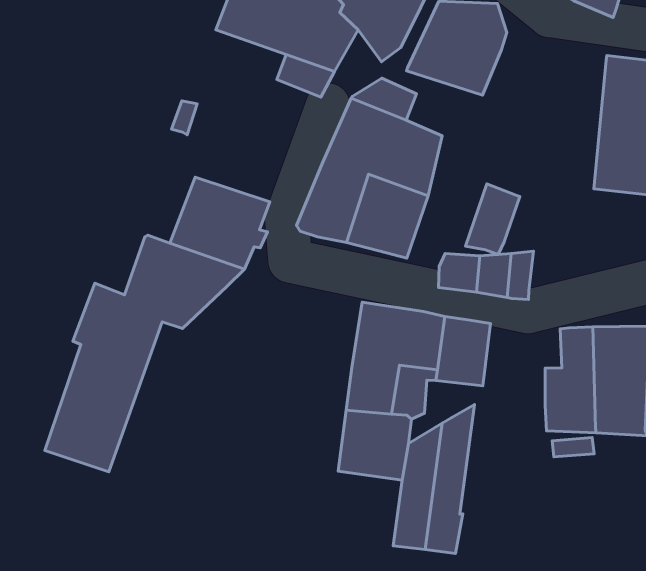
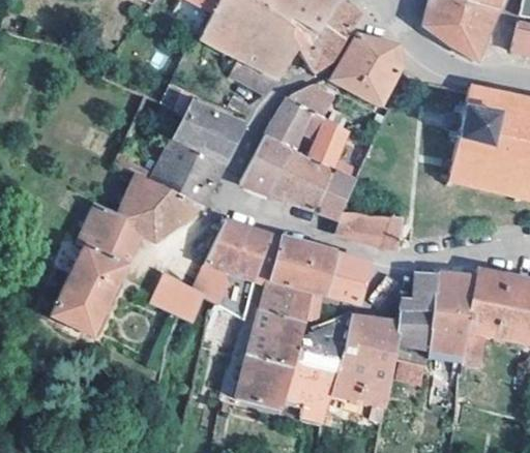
building: none -> [175,101,244,161]
building: [466,184,520,255] -> [315,170,356,219]
building: none -> [205,219,281,318]
building: none -> [151,273,207,324]
building: none -> [331,318,399,406]
building: none -> [239,353,294,409]

